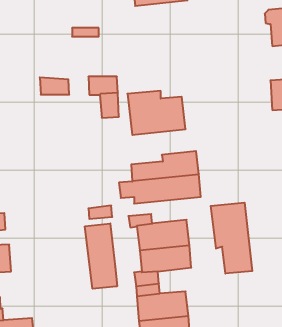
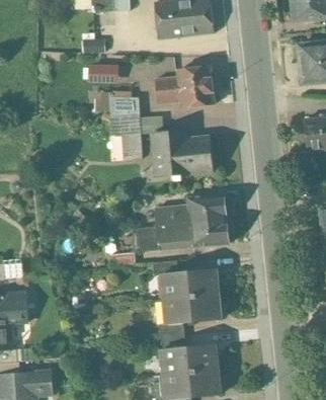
building: none -> [156,68,214,107]
building: [40,77,69,95] -> [108,97,140,115]
building: [211,203,252,274] -> none
building: [85,223,117,289] -> none

